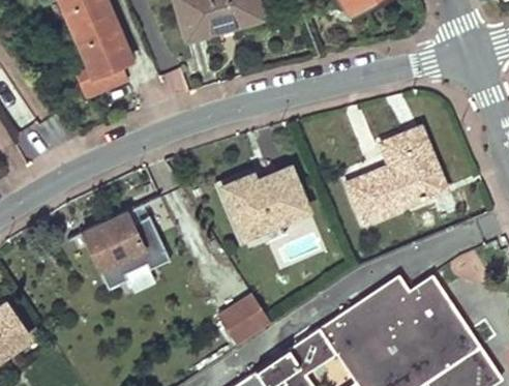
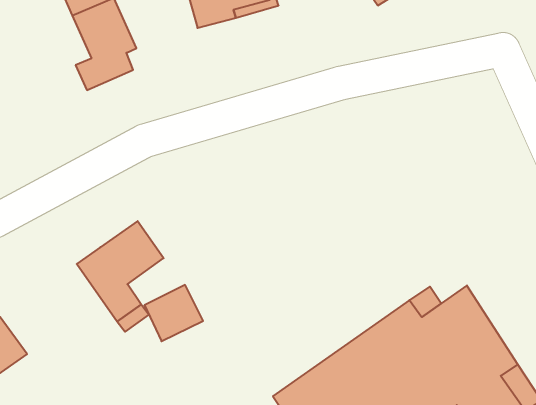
building: [348,127,446,222] -> none
building: [224,167,309,237] -> none
building: [218,291,272,343] -> [144,285,203,341]

